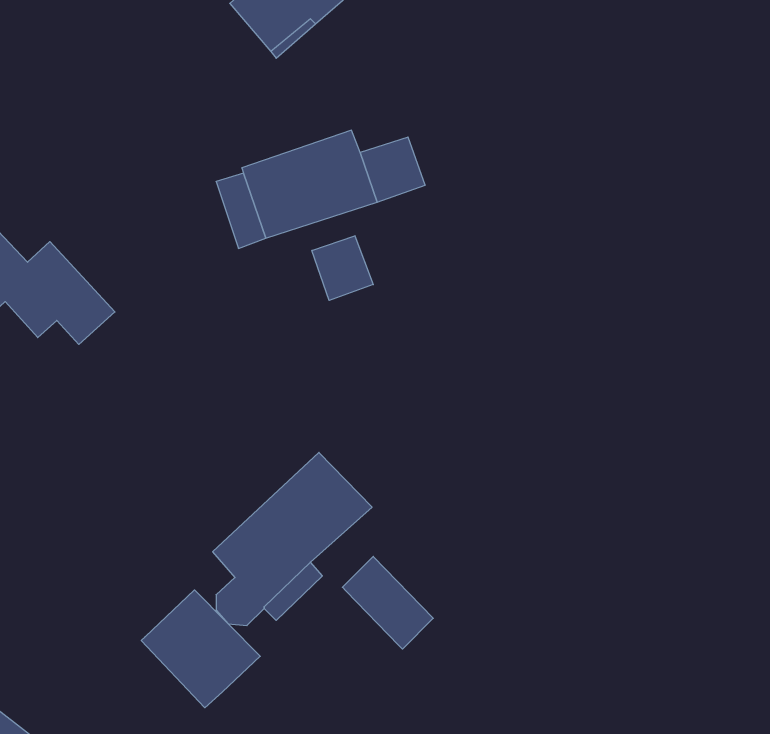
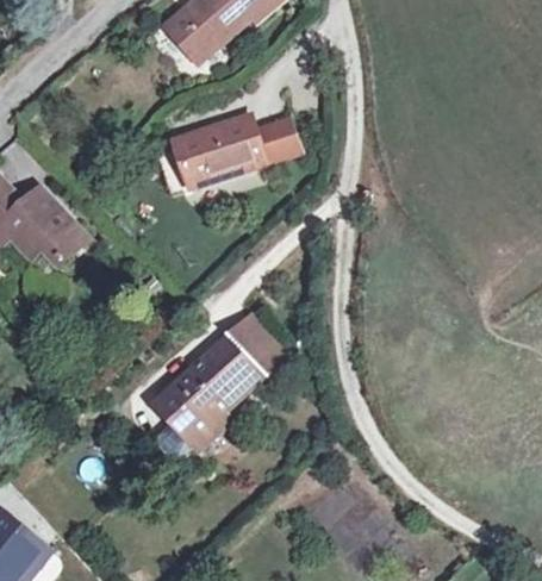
building: [312,236,373,300] -> none
building: [342,556,433,649] -> [225,312,288,376]
building: [141,590,260,708] -> none

